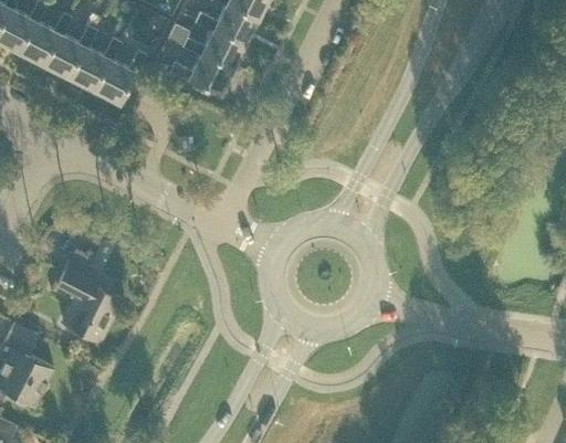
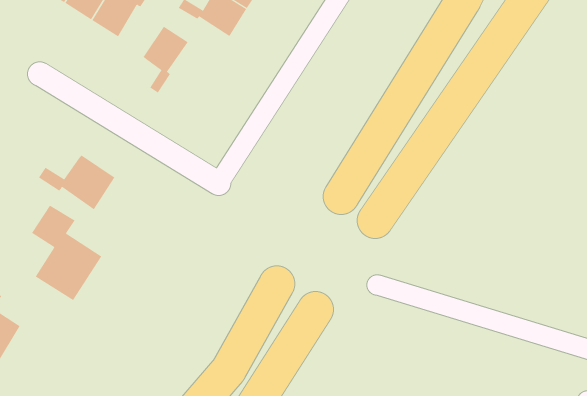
building: none -> [143,26,188,94]
building: none -> [38,154,115,210]

